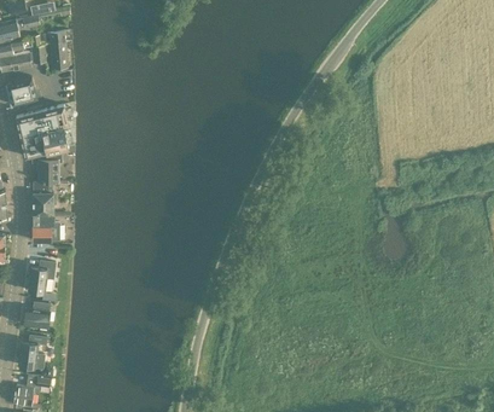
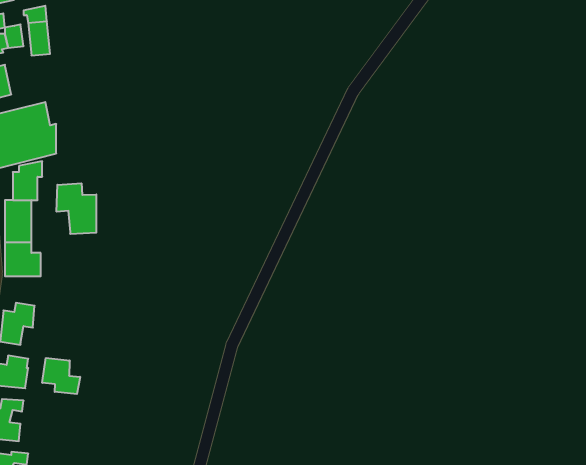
building: none -> [57,183,96,234]
building: none -> [42,358,80,394]

